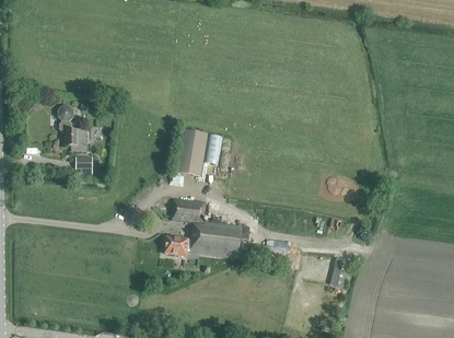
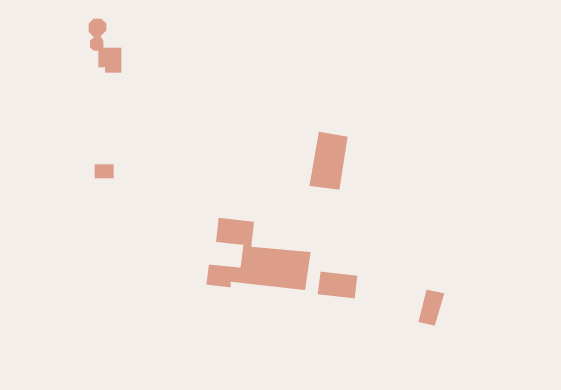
building: [58,106,85,150] -> [88,18,122,73]
building: [175,129,207,176] -> [308,131,348,190]

